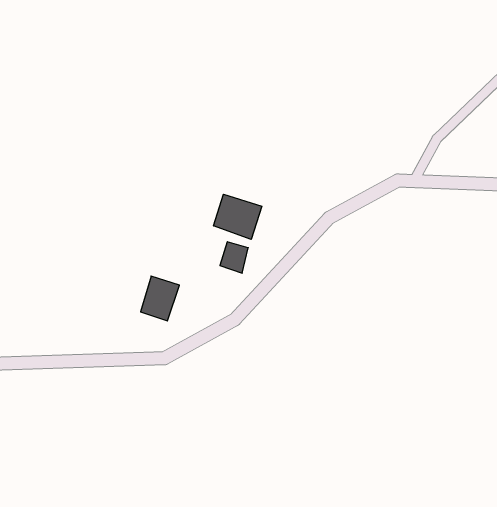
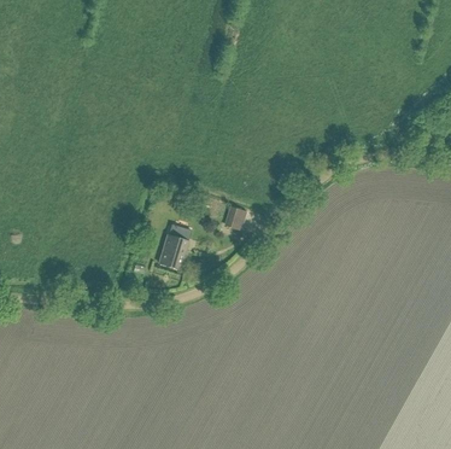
building: [214,194,262,239] -> none

